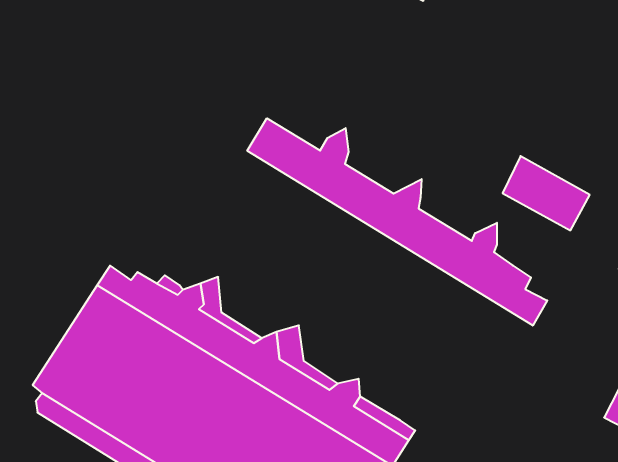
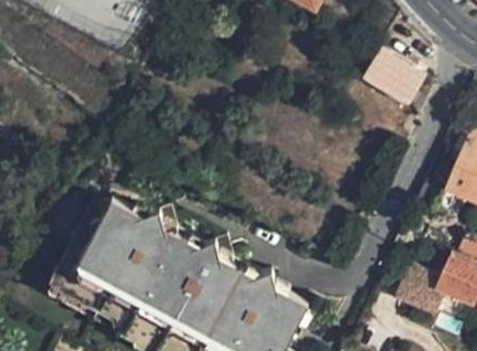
building: [247,118,547,326] -> none
building: [503,156,590,230] -> [374,48,433,99]

